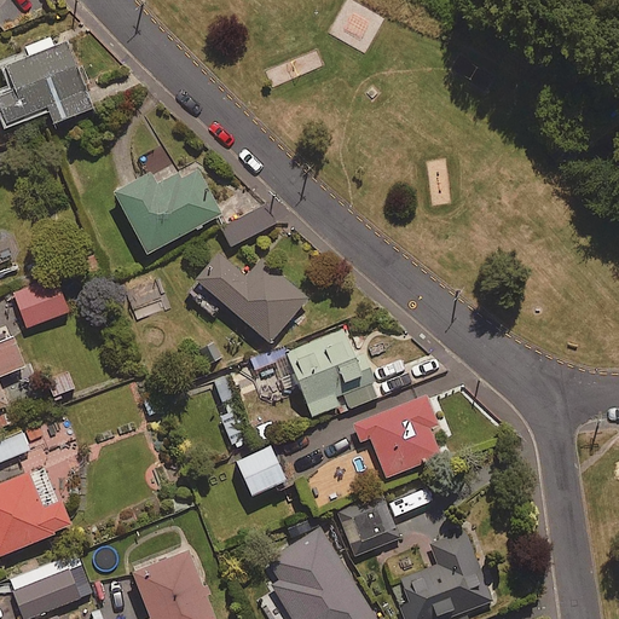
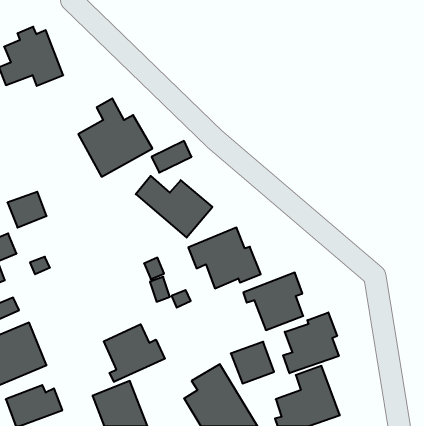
building: [236,449,285,497] -> none
building: none -> [283,312,339,373]
building: none -> [104,324,165,382]

